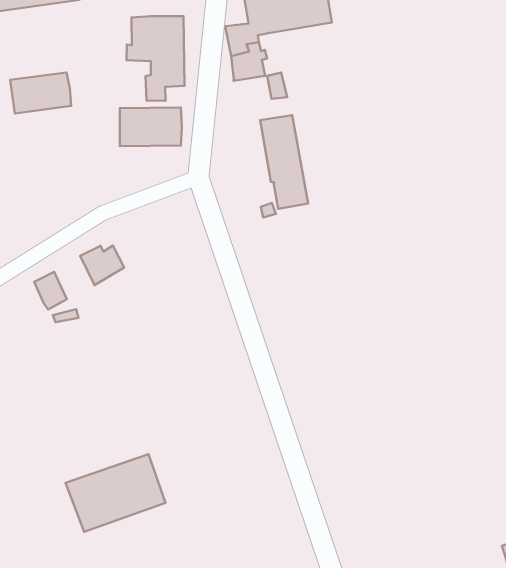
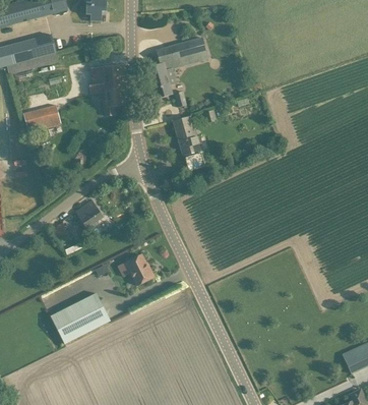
building: [120,107,182,146] -> none
building: none -> [125,253,155,284]
building: [65,454,165,532] -> [50,292,110,342]

